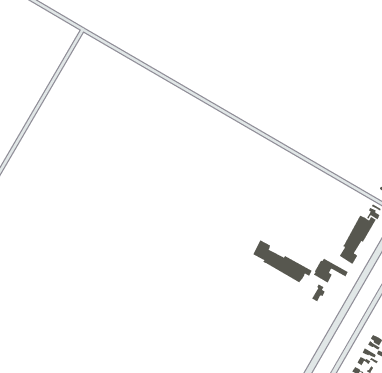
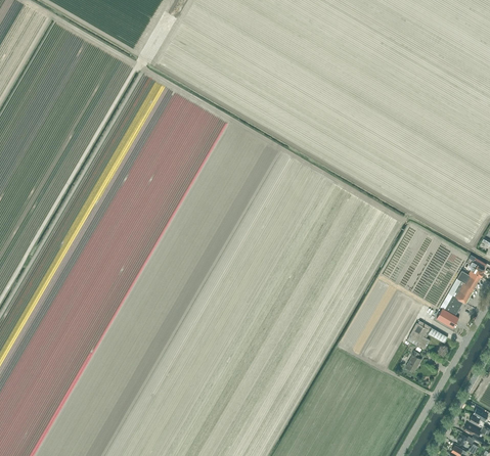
building: [253,239,313,284] -> none

